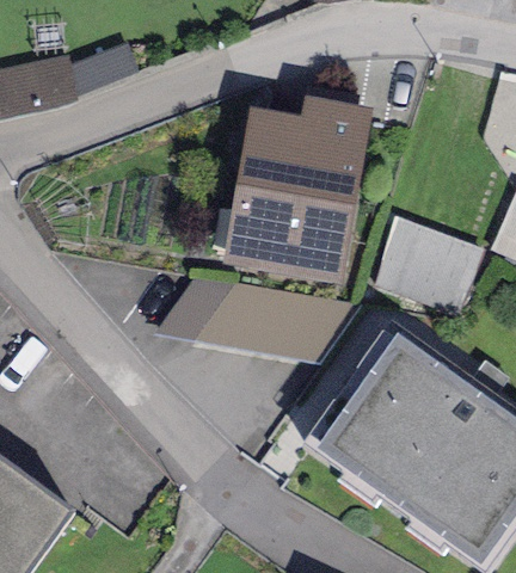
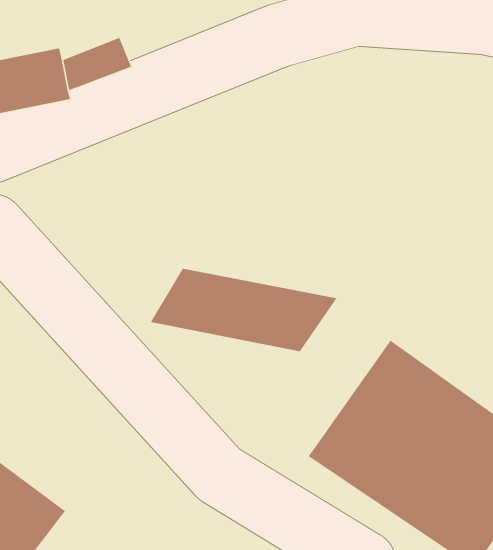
building: [223,98,370,287] -> none
building: [377,211,485,306] -> none

